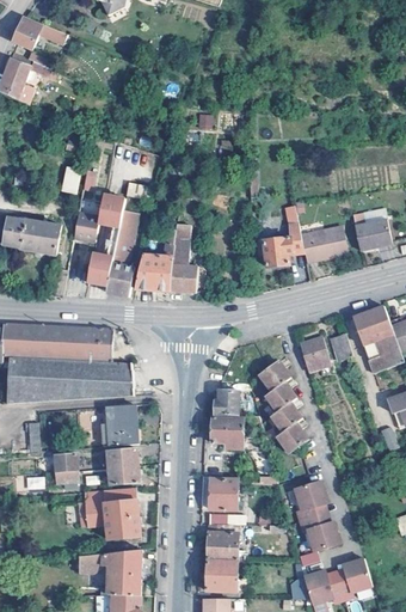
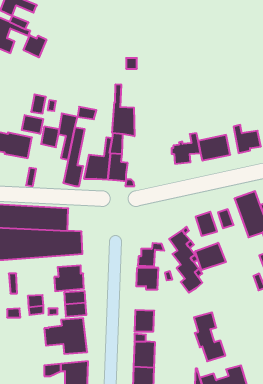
building: none -> [24,35,46,57]
building: none -> [112,84,134,136]
building: none -> [22,115,43,134]
building: [87,255,113,288] -> none
building: none -> [195,243,226,270]

